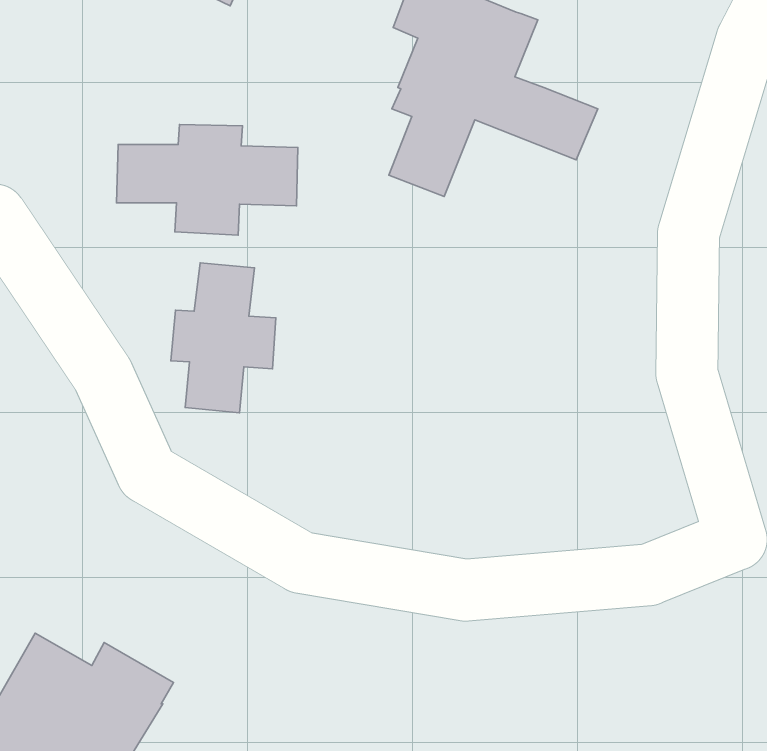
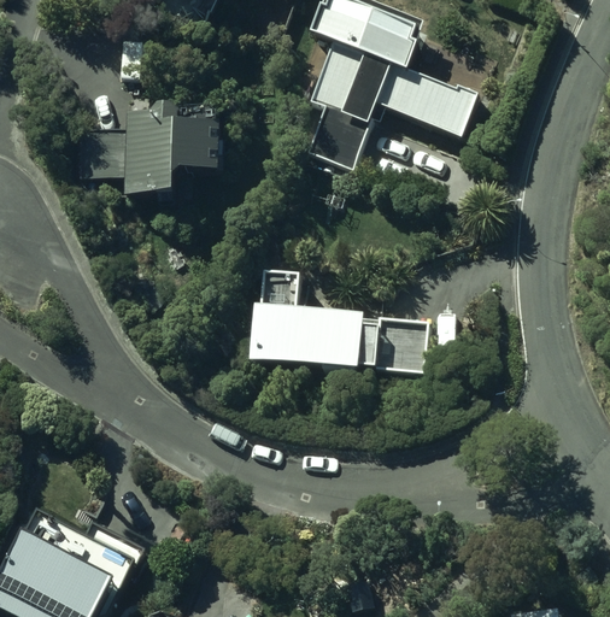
building: [171,263,276,413] -> none
building: none -> [246,264,421,374]

